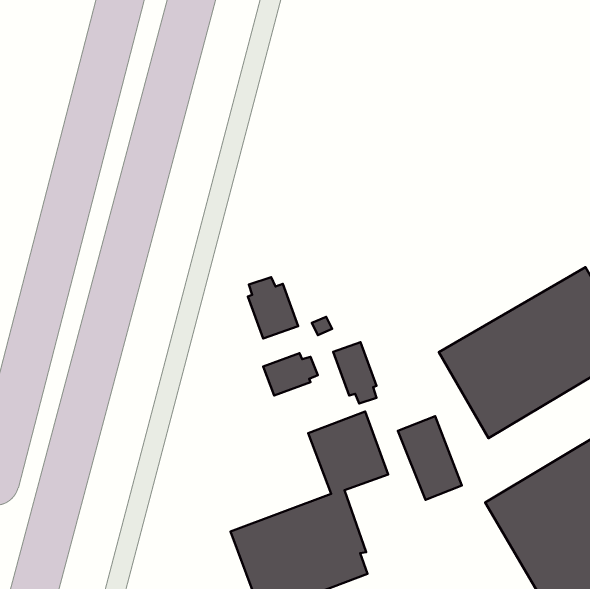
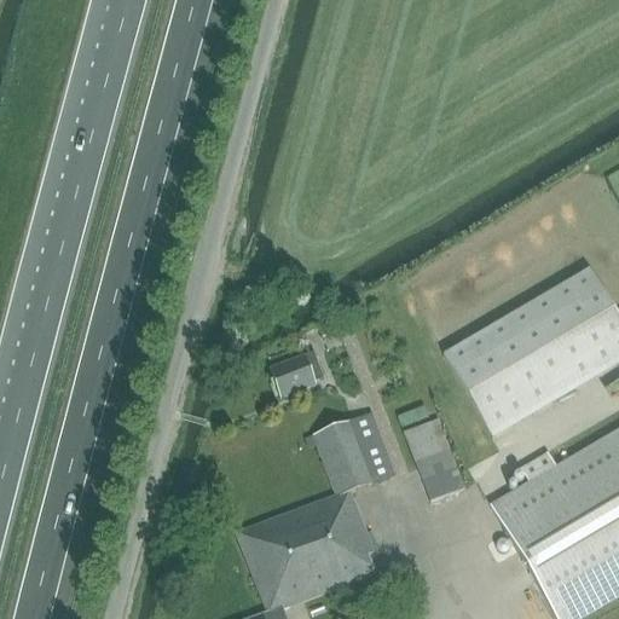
building: [248,277,298,339] -> none
building: [333,342,377,403] -> none

